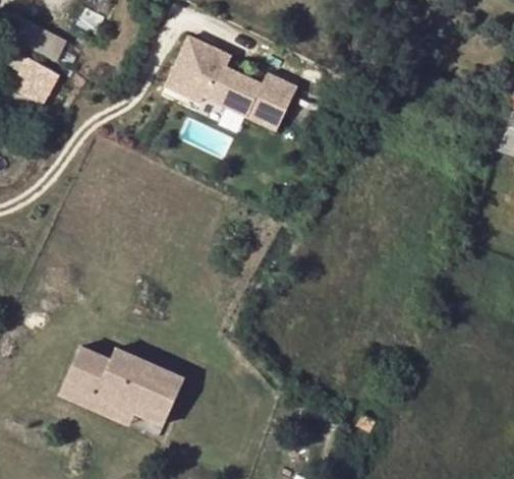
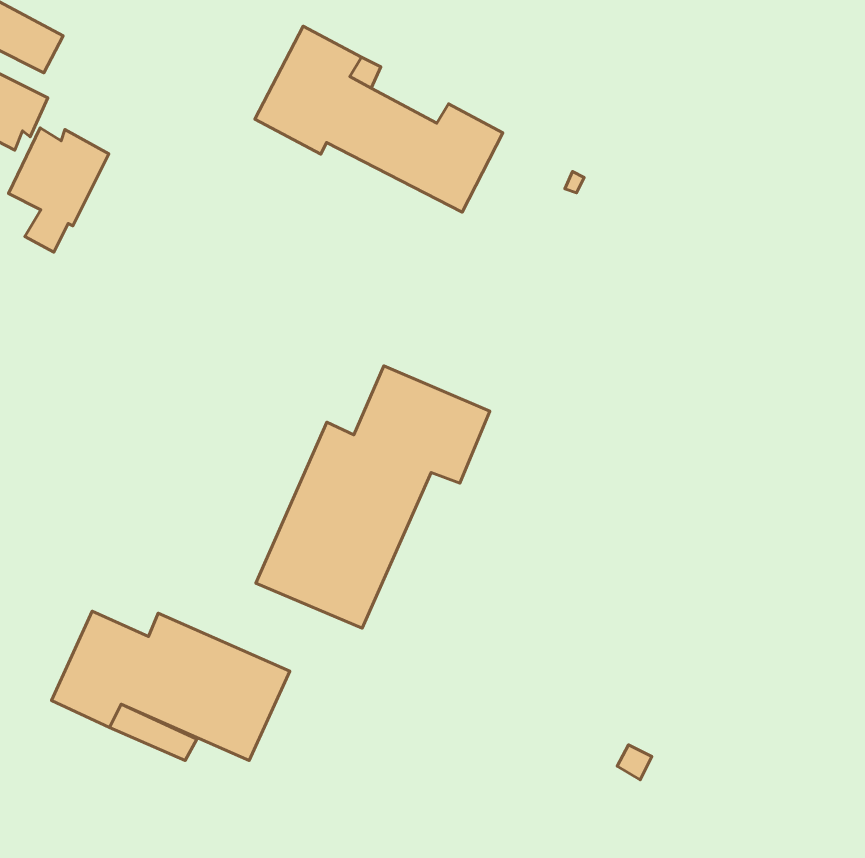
building: none -> [9,128,109,252]
building: none -> [256,366,490,628]

